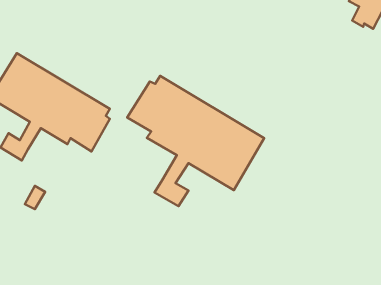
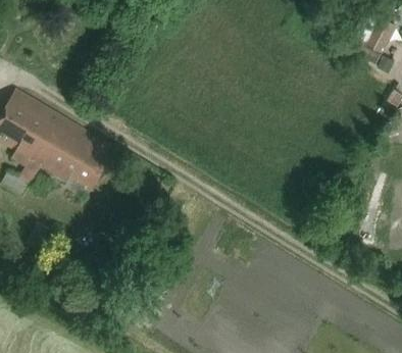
building: [127,76,264,206] -> none

